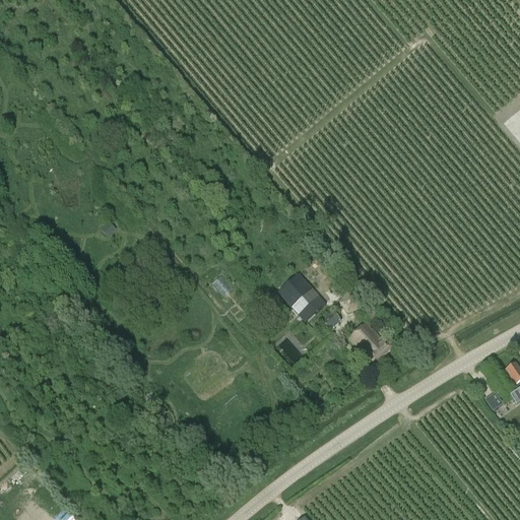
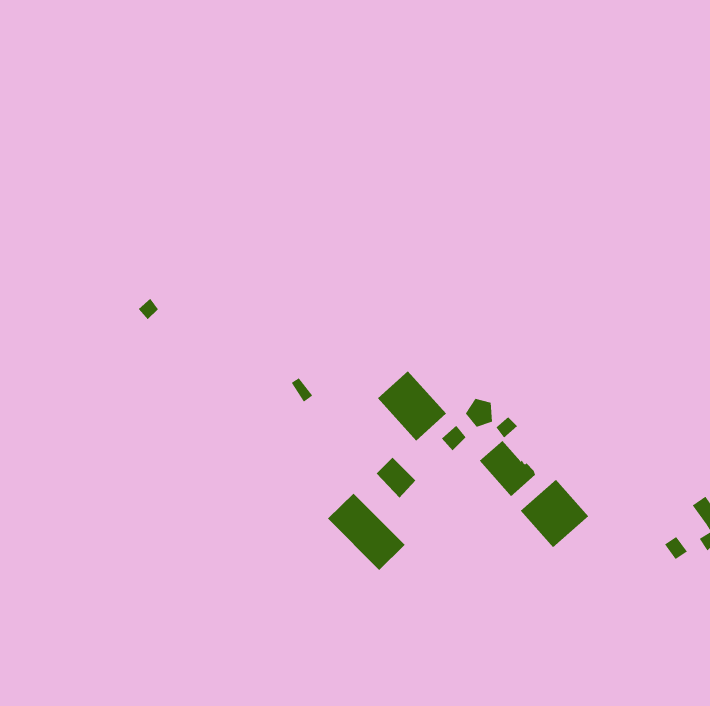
building: none -> [520,479,589,548]
building: none -> [327,493,405,571]

